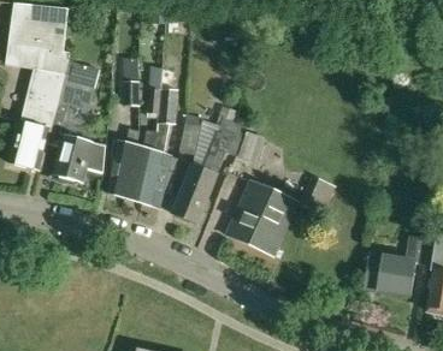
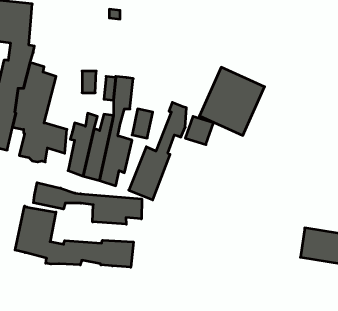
building: [225,180,297,256] -> [199,67,265,135]
building: none -> [33,183,142,224]
building: none -> [15,206,133,267]

